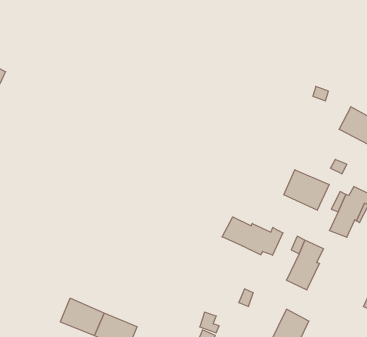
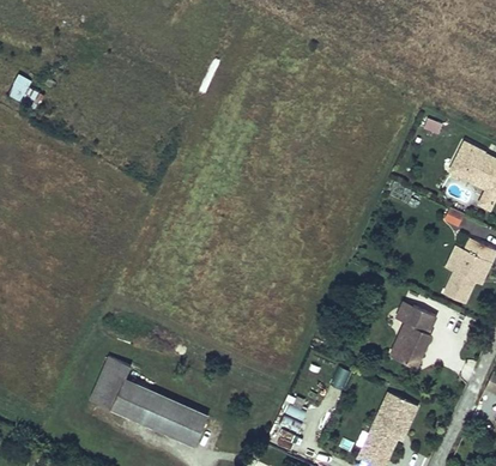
building: [284,170,329,210] -> none
building: [222,217,283,255] -> none
building: none -> [90,357,132,411]

